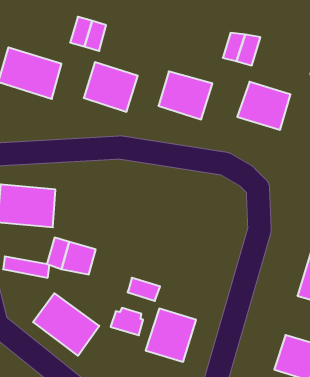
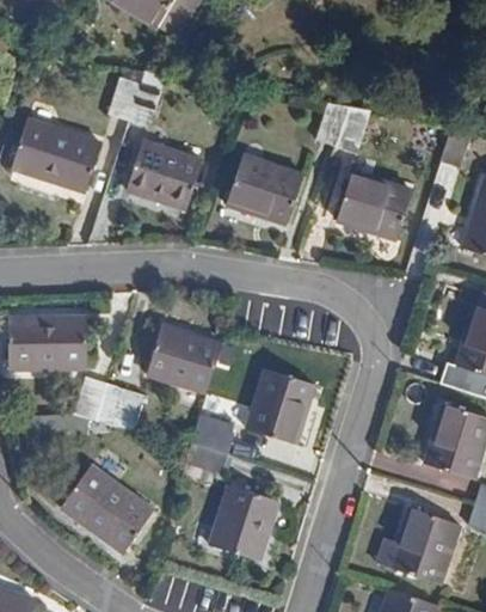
building: none -> [147,333,222,399]
building: none -> [247,368,318,443]
building: [111,308,143,335] -> [192,416,238,454]

